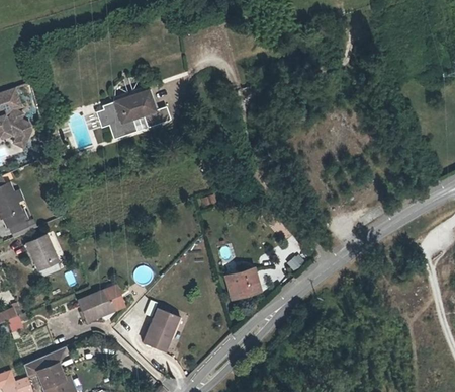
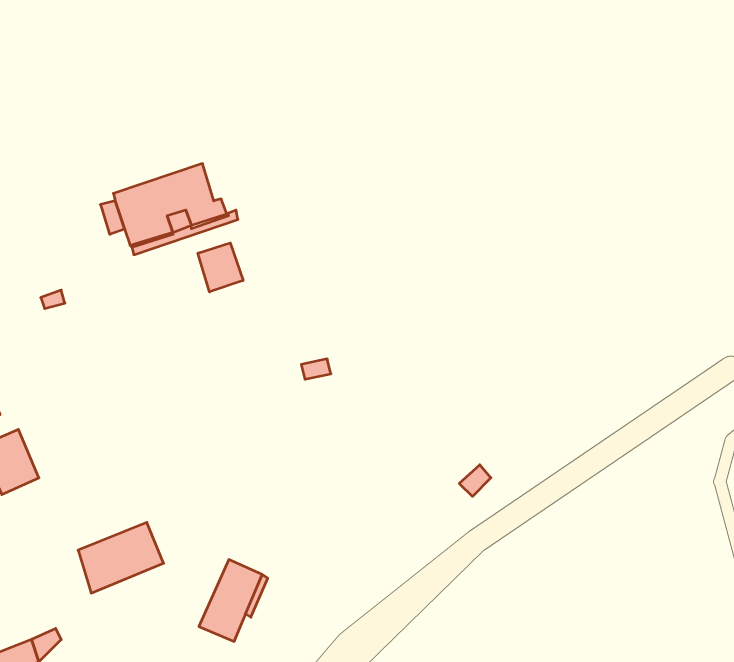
building: none -> [198,243,243,292]
building: [229,267,259,295] -> none

